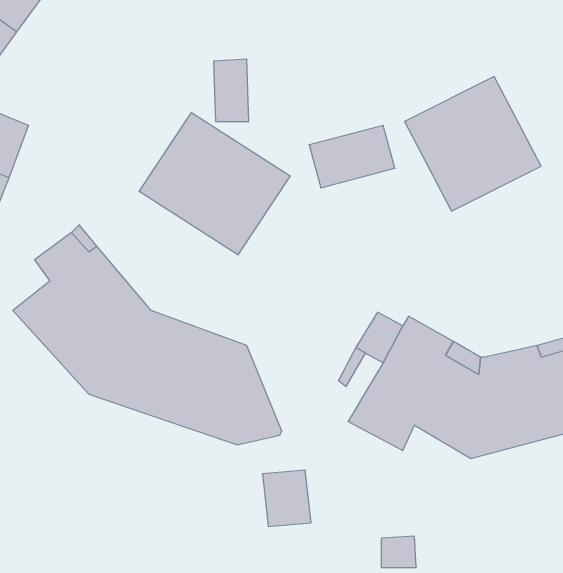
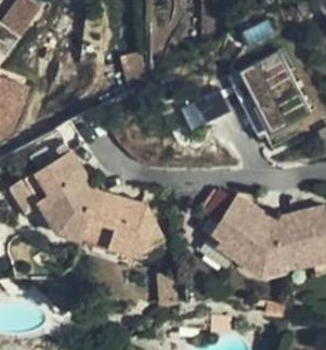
building: [139,113,290,255] -> none

